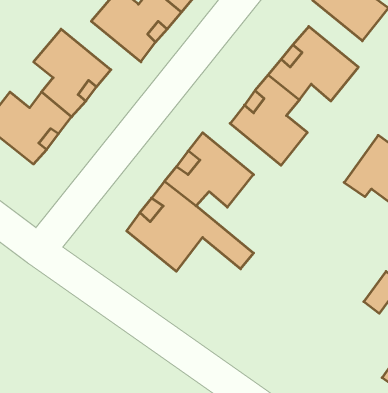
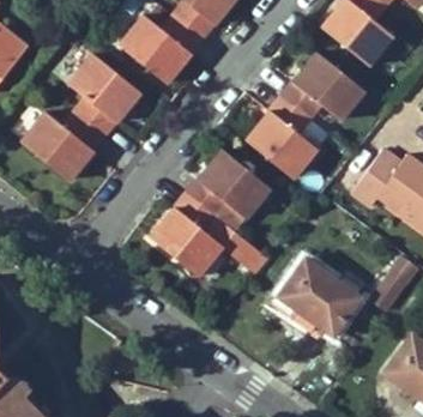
building: none -> [280,259,359,333]

